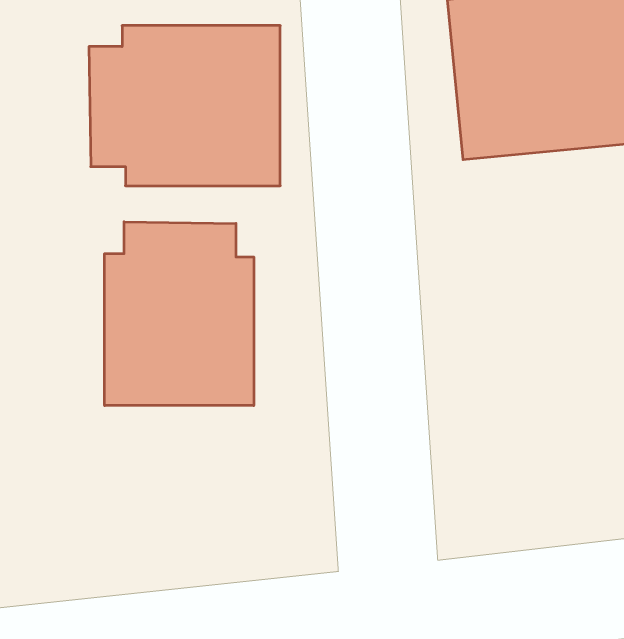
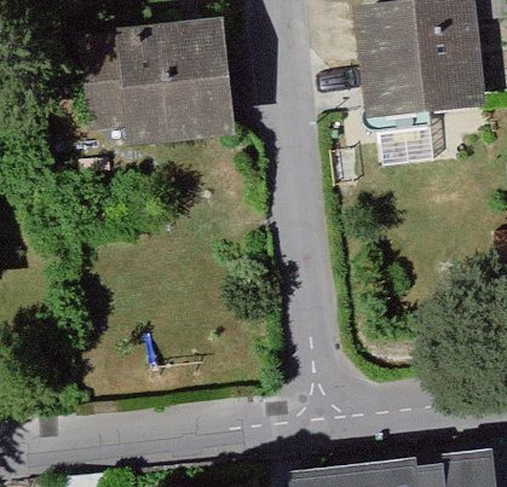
building: [105,222,254,406] -> none

